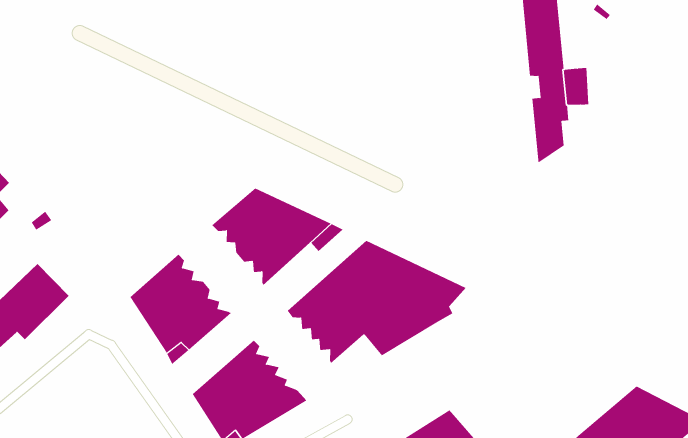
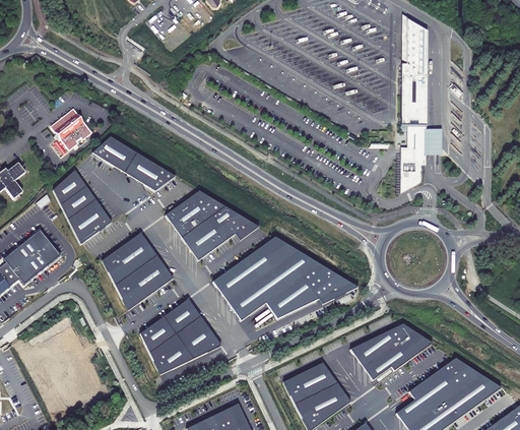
building: none -> [51,107,91,148]
building: none -> [92,139,176,191]
building: none -> [54,171,112,243]
building: none -> [320,277,358,305]
building: none -> [350,324,432,379]

